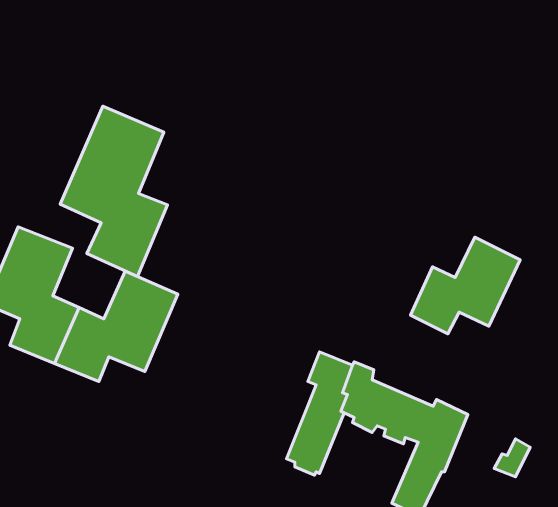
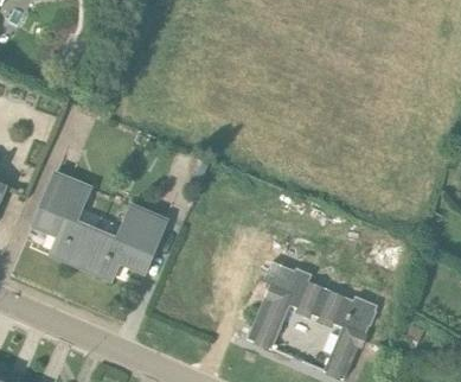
building: [60,106,168,277] -> none
building: [410,237,520,334] -> none

